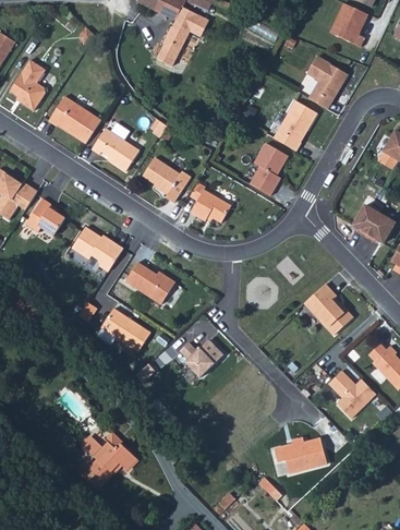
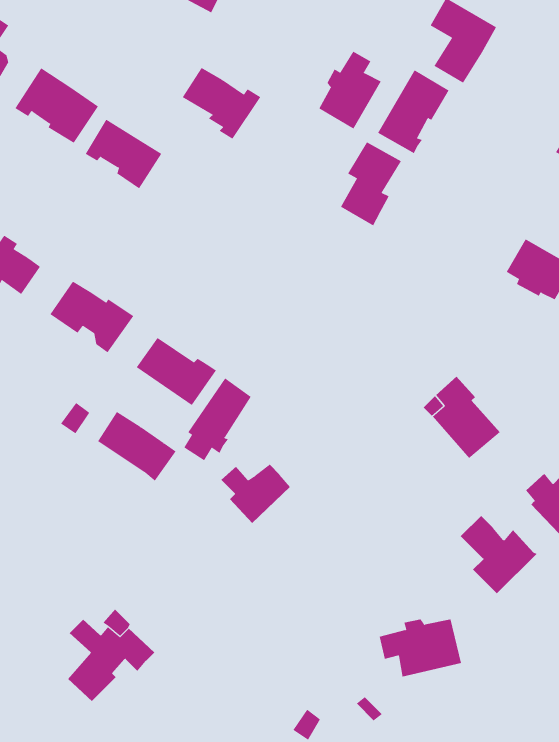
building: none -> [319,51,382,129]
building: [143,157,192,202] -> [182,67,261,140]
building: [191,181,232,221] -> none
building: none -> [183,378,252,461]

